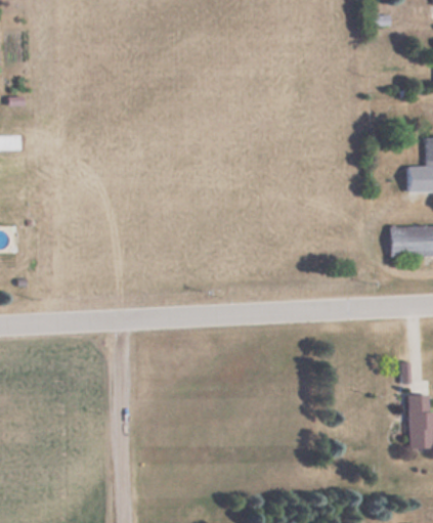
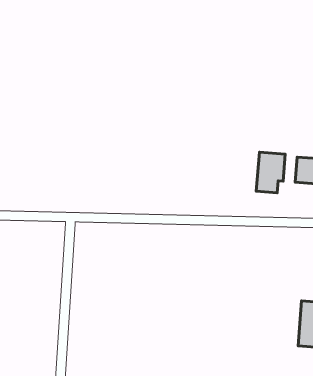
building: none -> [256,152,285,193]

